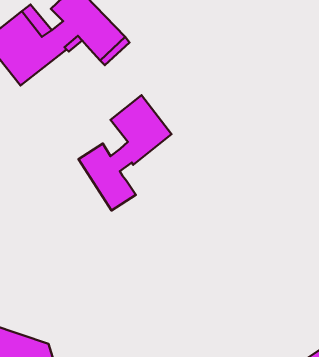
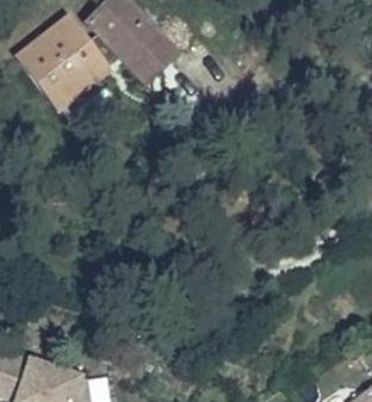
building: [79,95,172,210] -> none

